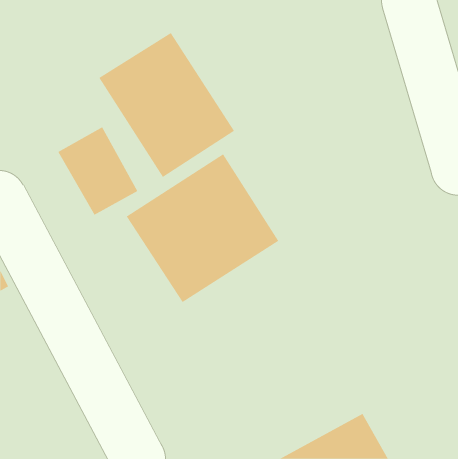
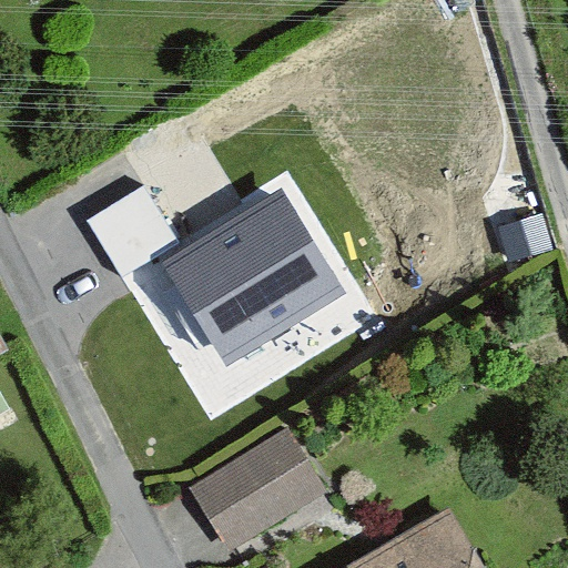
building: [99,32,235,178] -> none
building: none -> [191,430,324,550]

